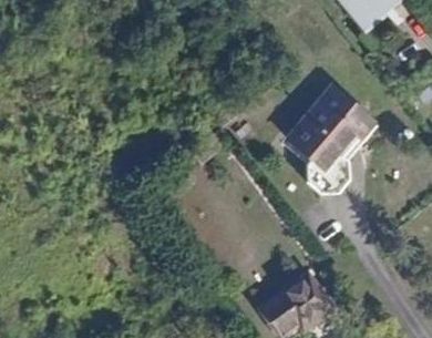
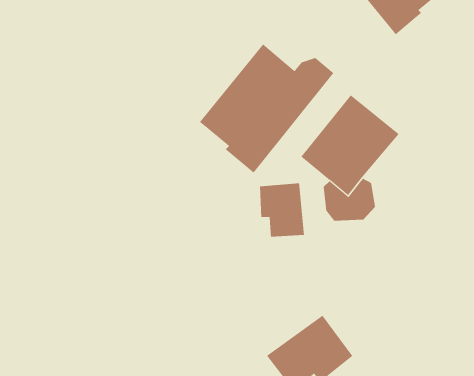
building: none -> [199,43,334,174]
building: none -> [260,183,305,238]

